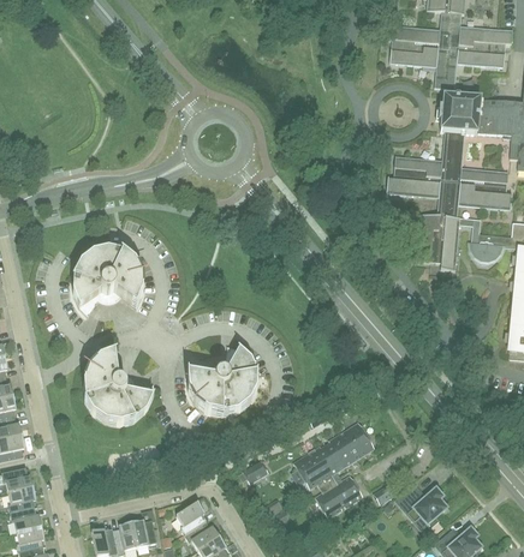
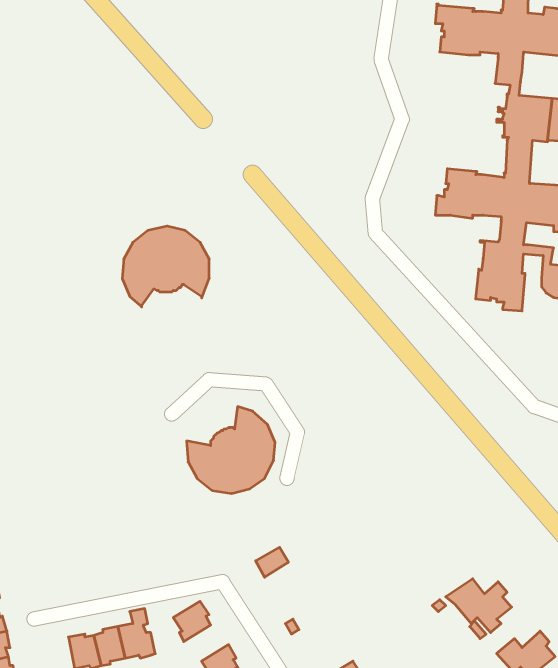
building: [72,250,142,315] -> [122,226,209,307]
building: [83,353,154,424] -> none
building: [287,420,374,516] -> none
building: [184,521,220,550] -> none

